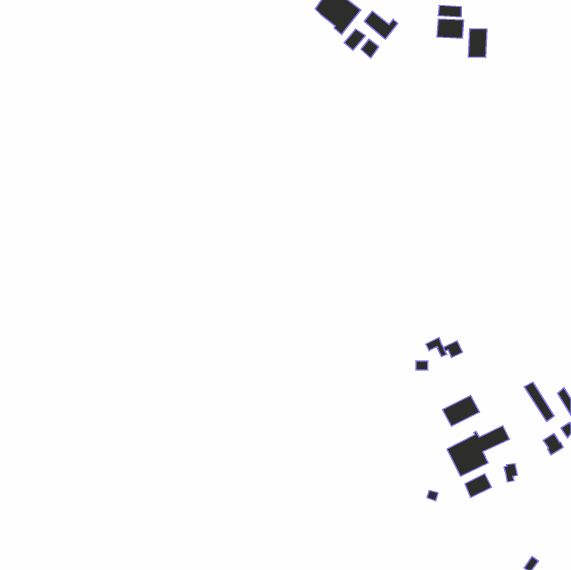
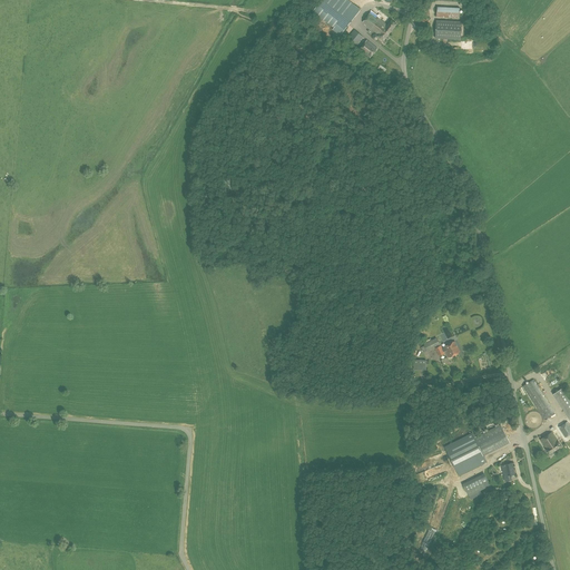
building: [469,29,487,58] -> none
building: [443,395,480,426] -> none

